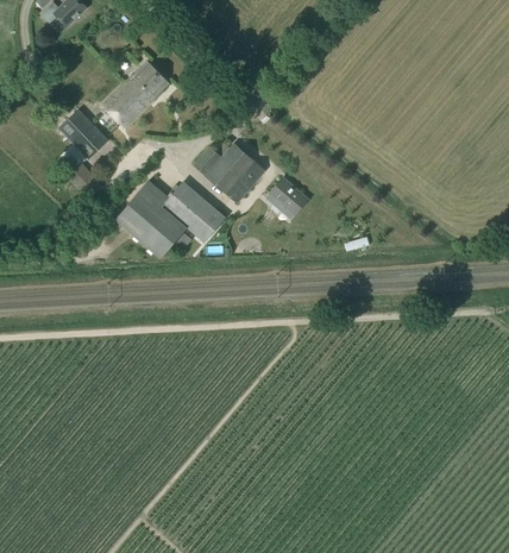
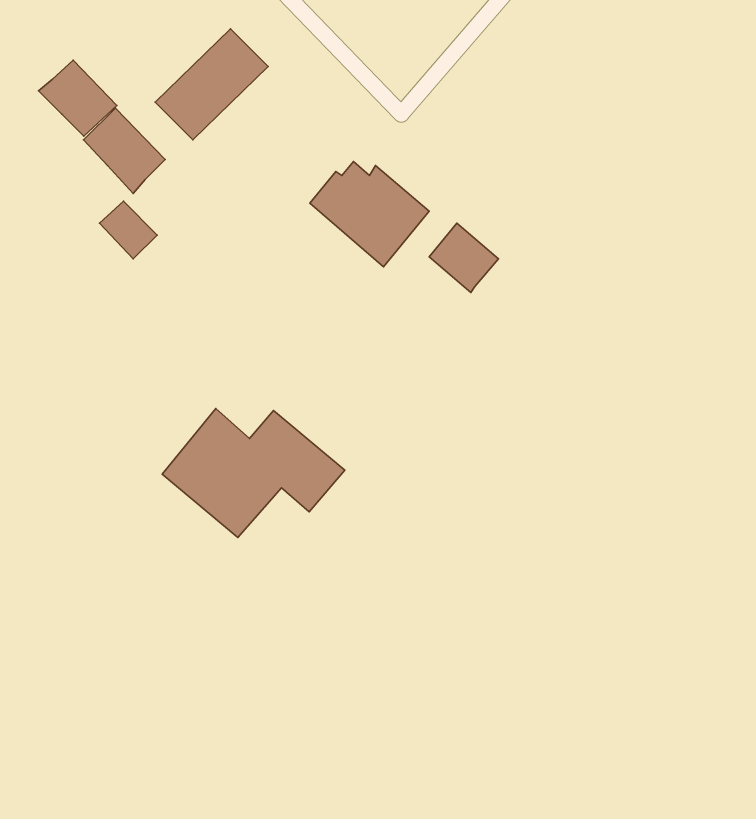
building: none -> [38,60,117,136]
building: [115,180,225,257] -> [162,409,345,538]

